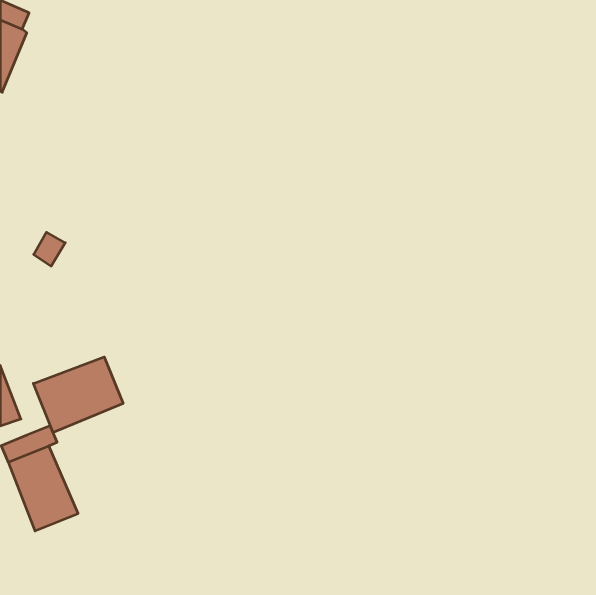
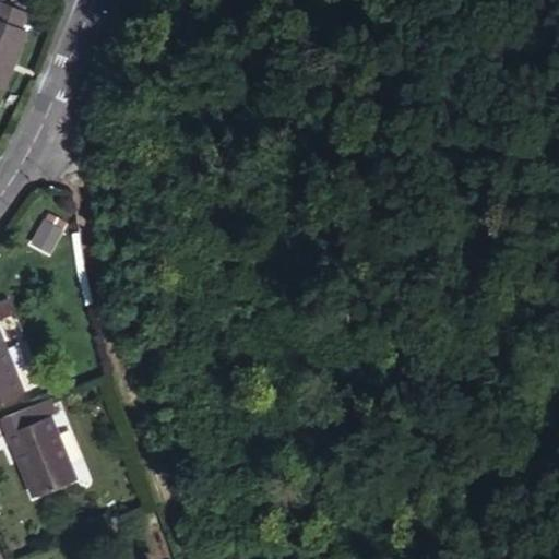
building: [33,357,123,433] -> none

